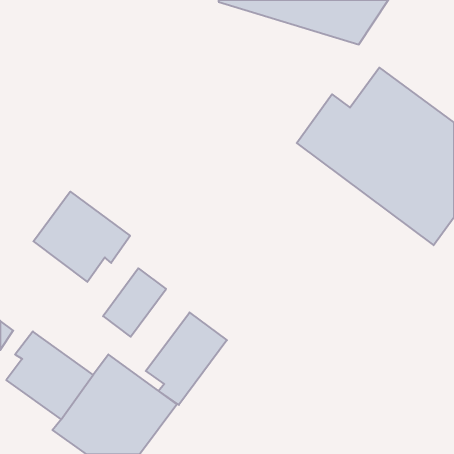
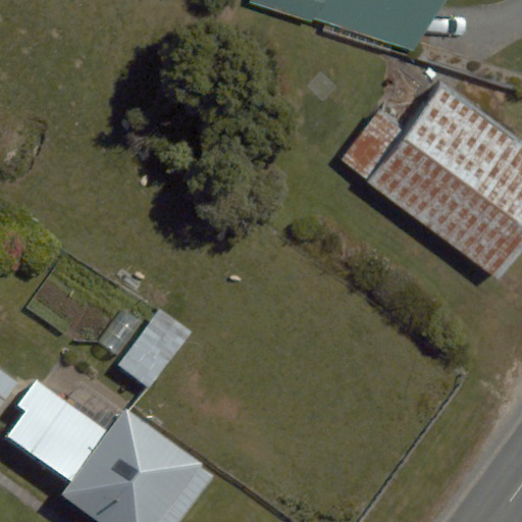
building: [33,192,130,282] -> none
building: [146,312,227,405] -> none

